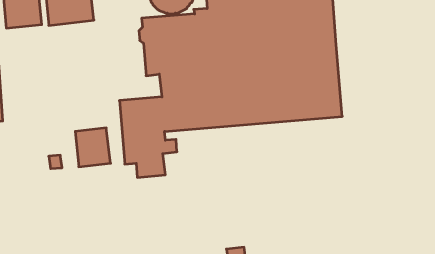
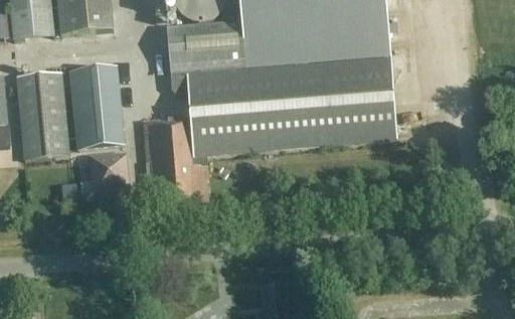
building: none -> [70,66,125,150]
building: none -> [17,71,68,159]

